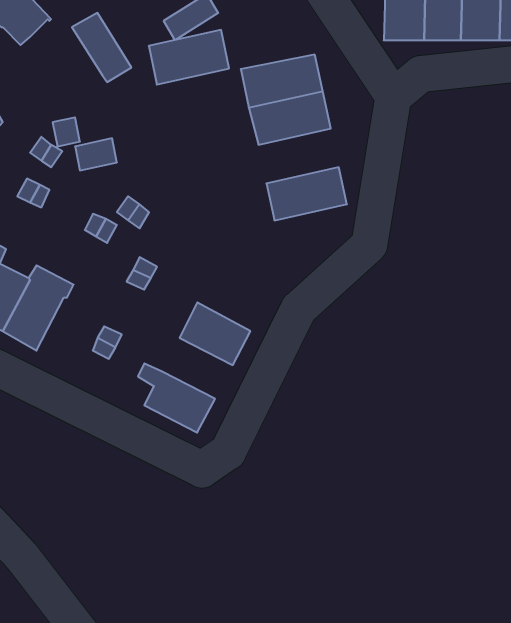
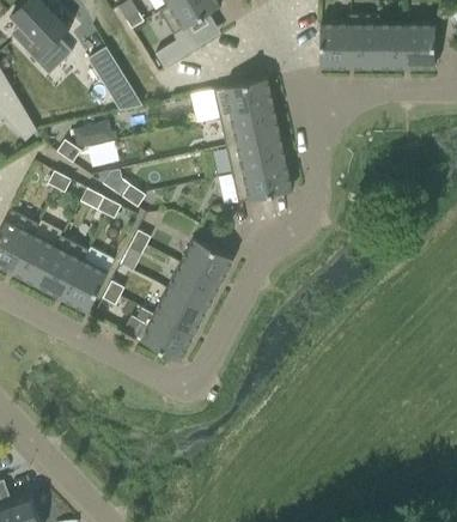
building: [149,30,229,85] -> [226,134,286,175]
building: none -> [181,238,233,285]
building: none -> [61,260,108,312]
building: none -> [154,290,207,335]

